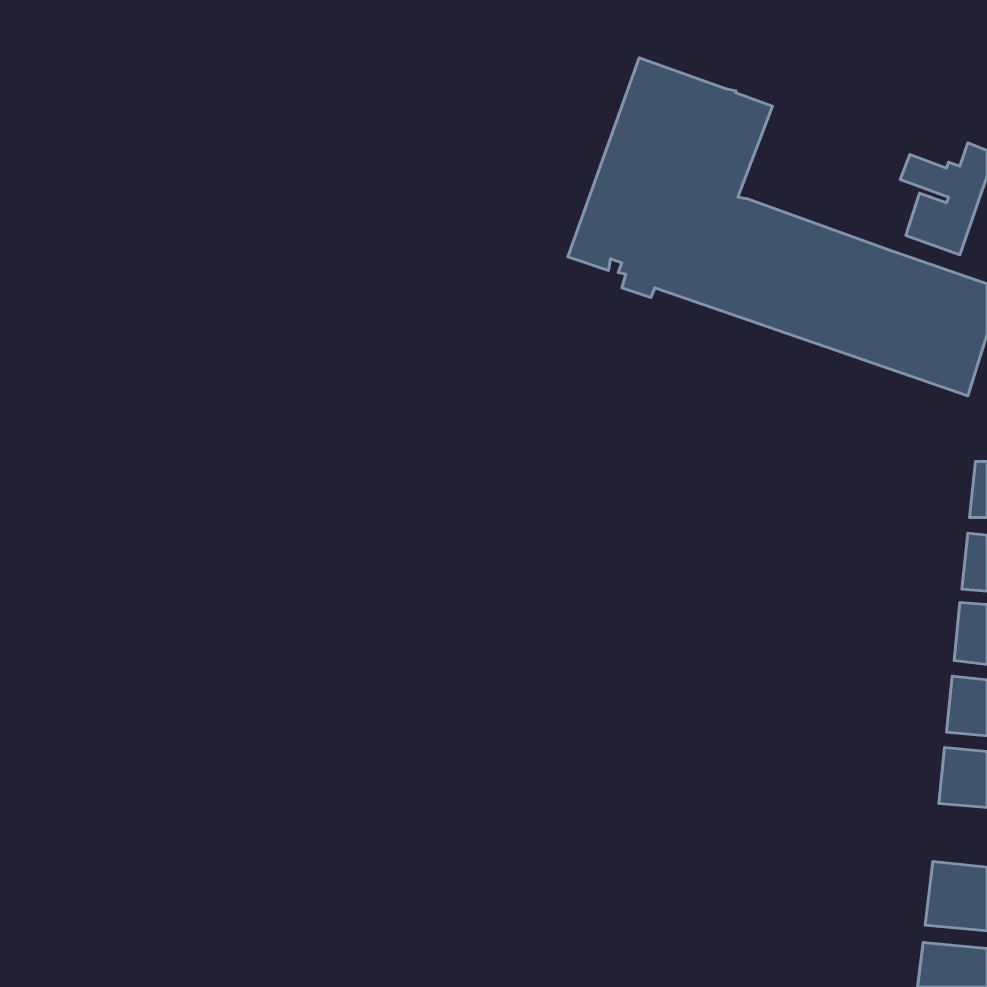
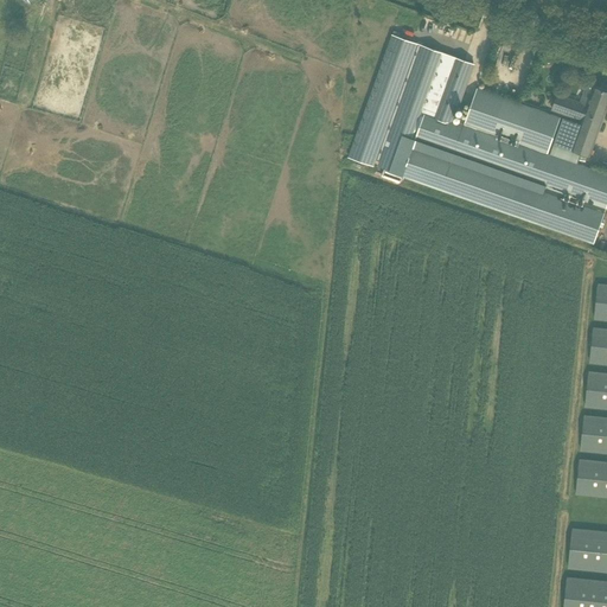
building: none -> [459,89,561,154]

